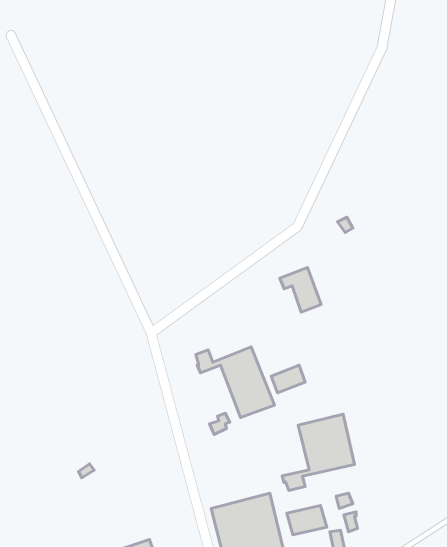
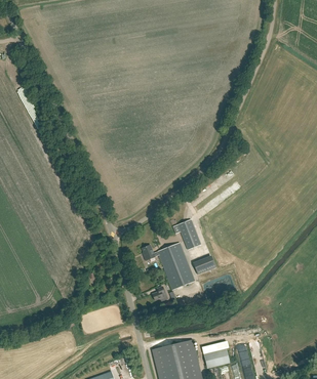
building: [280,267,321,312] -> [172,219,200,249]
building: [282,414,354,490] -> none

